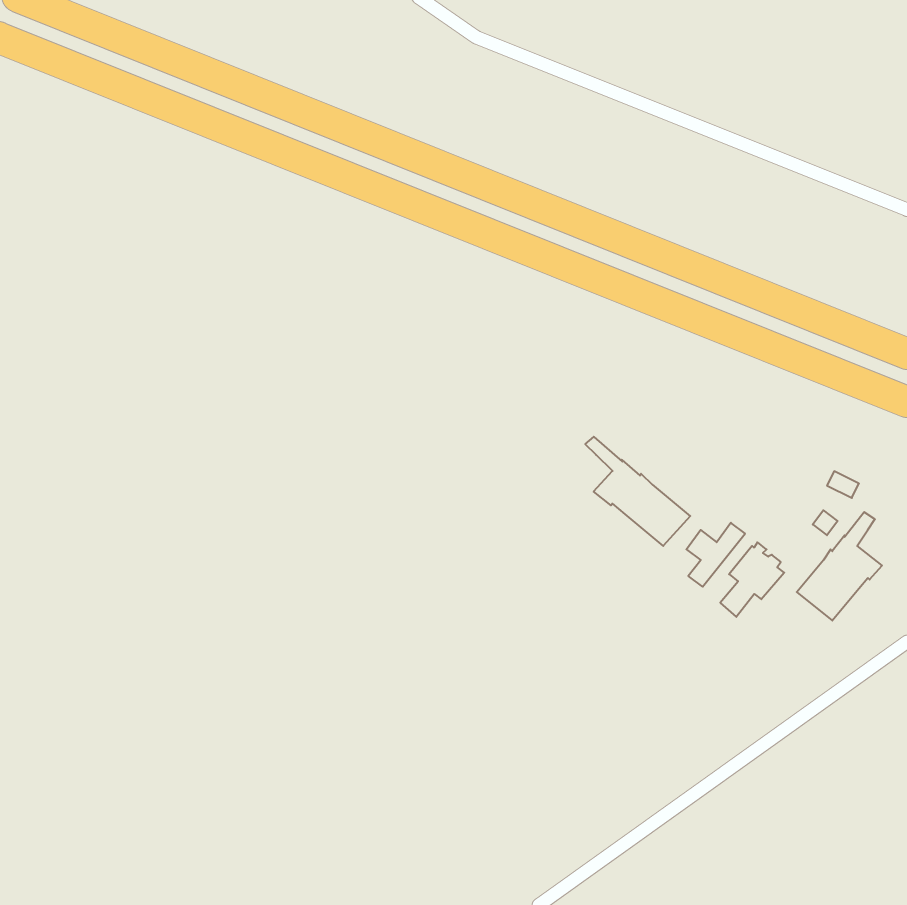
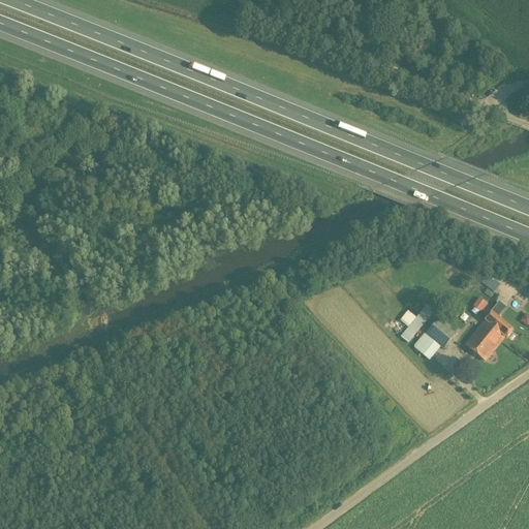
building: [585,437,690,546] -> none

